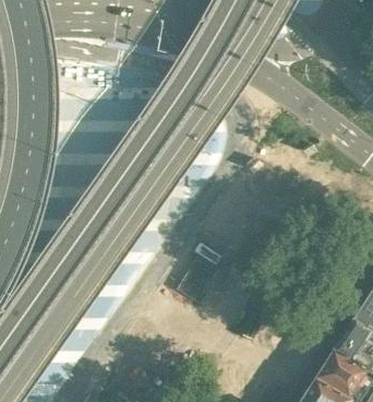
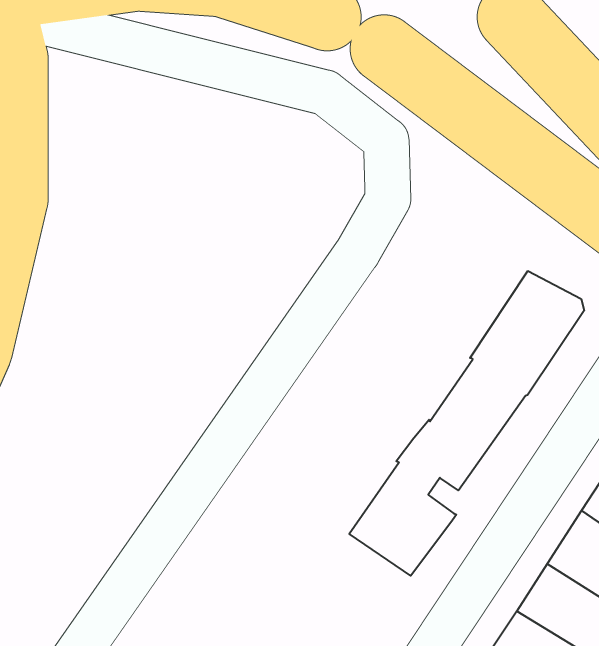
building: none -> [349,271,584,576]

